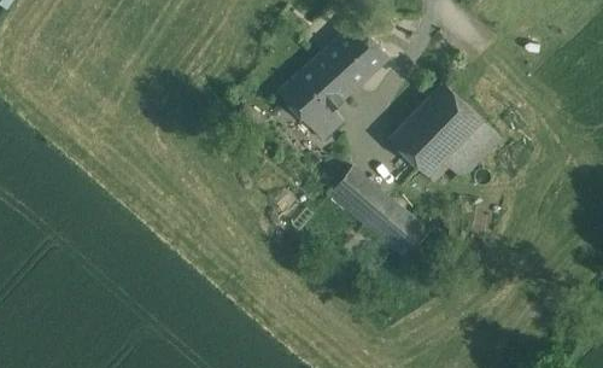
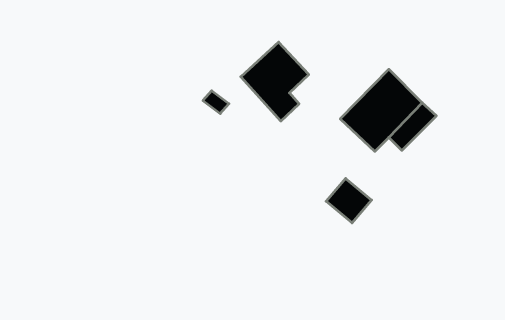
building: [321,22,390,89] -> none
building: [329,168,396,230] -> none

